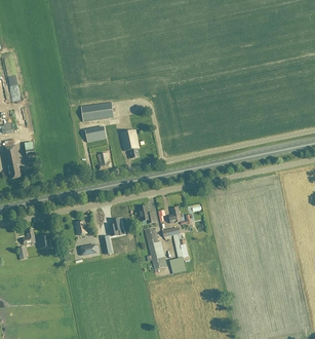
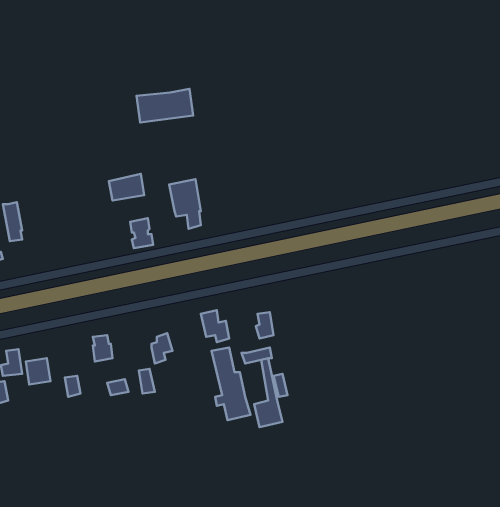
building: [80,101,113,120] -> [137,89,193,122]

